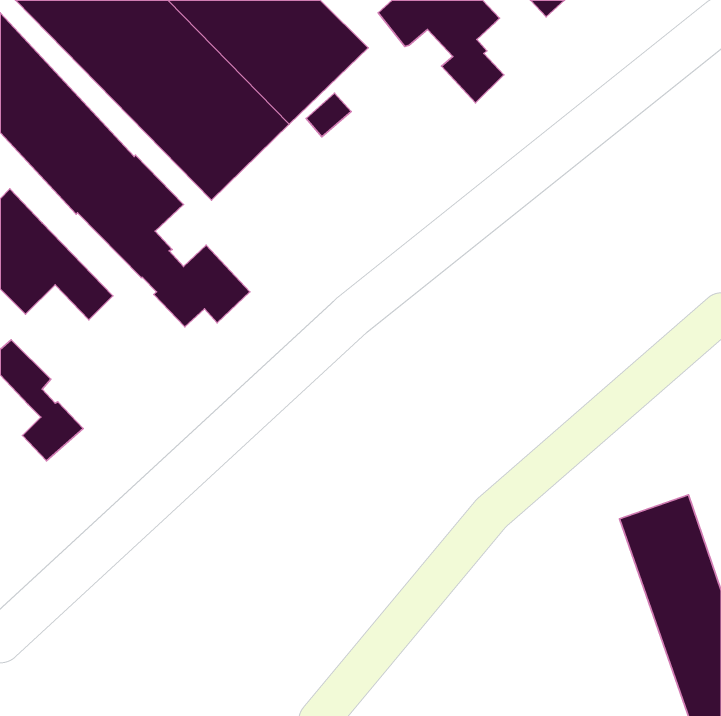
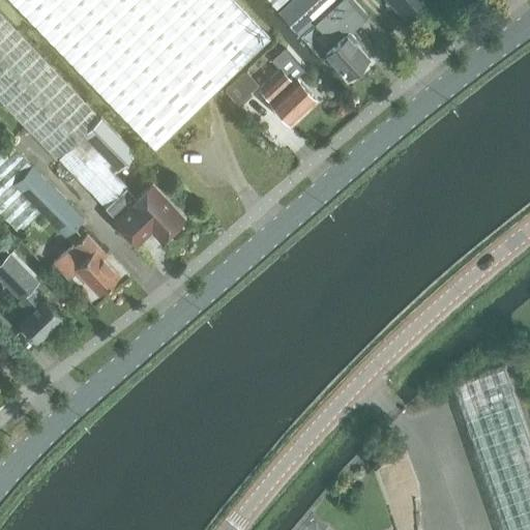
building: none -> [258,55,315,123]
building: none -> [53,234,118,294]

